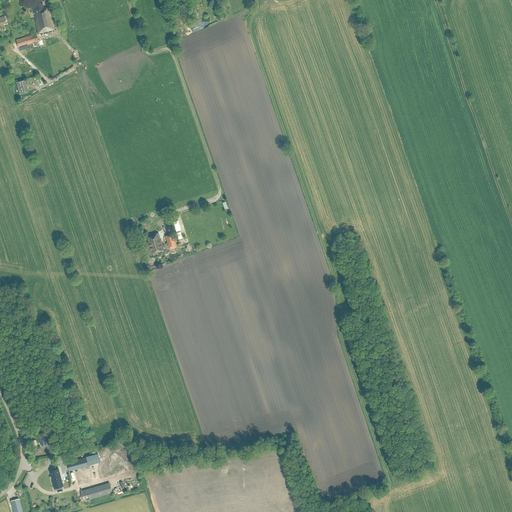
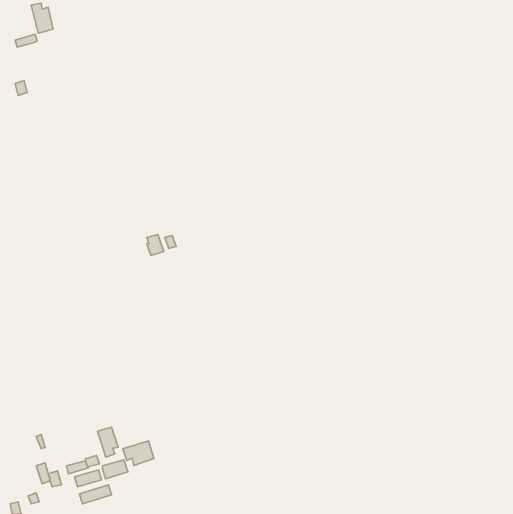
building: none -> [98,427,118,457]
building: none -> [123,441,154,465]

